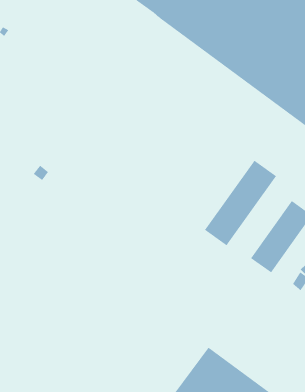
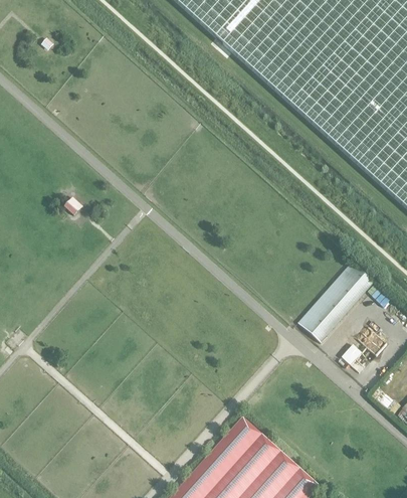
building: [204,160,277,246] -> none

